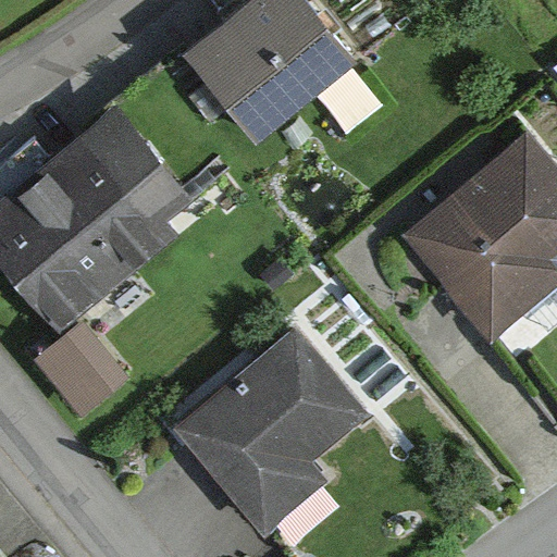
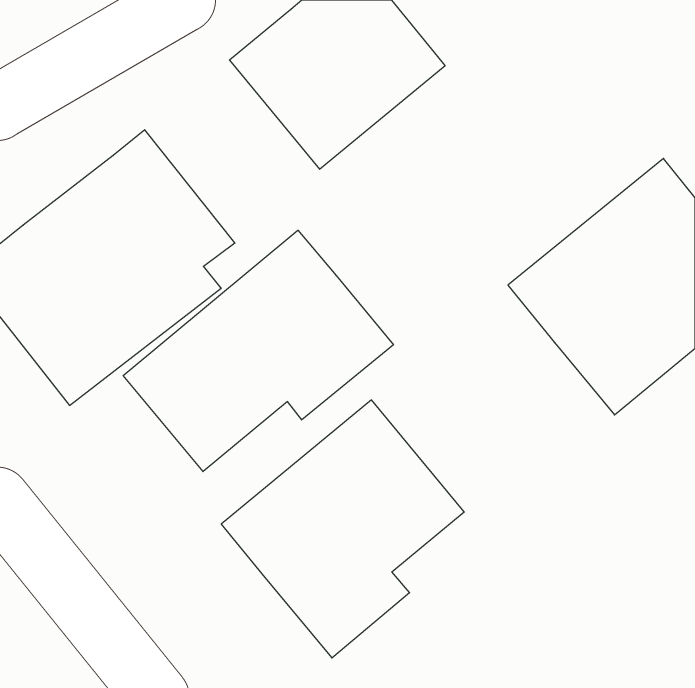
building: none -> [123,230,393,472]
building: [33,320,128,417] -> none

